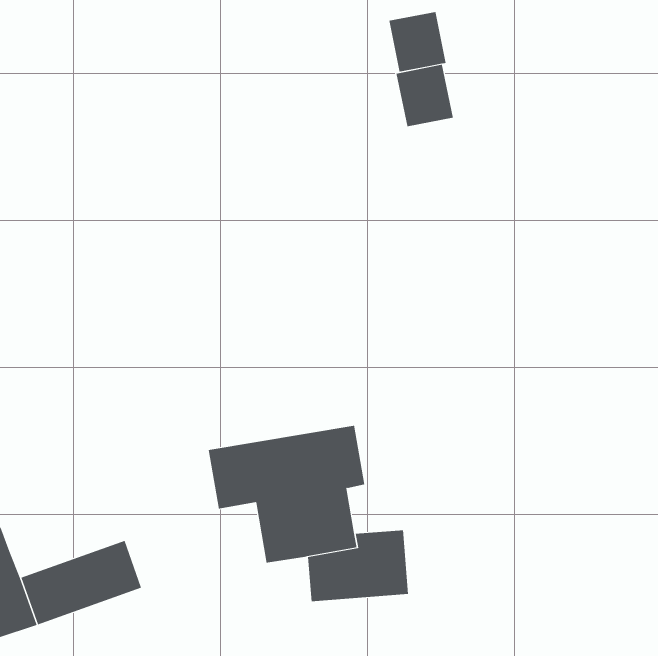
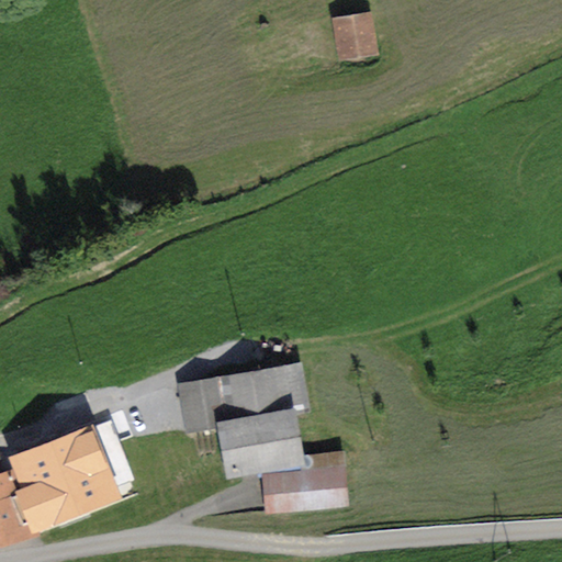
building: [396,64,453,127] -> none
building: none -> [9,425,106,492]

